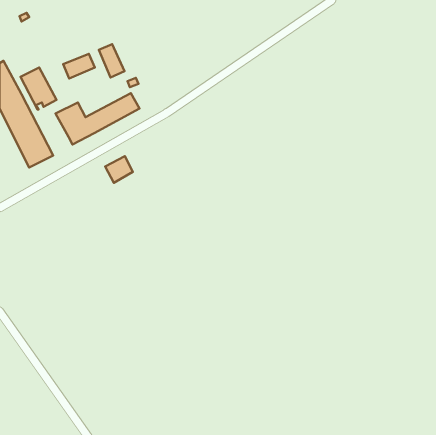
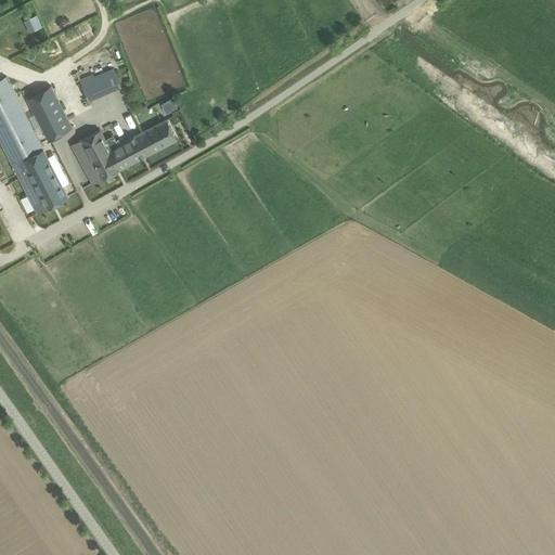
building: [99,44,124,77] -> none
building: [105,156,133,183] -> none

